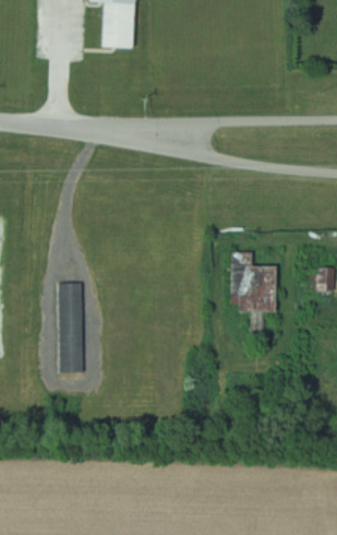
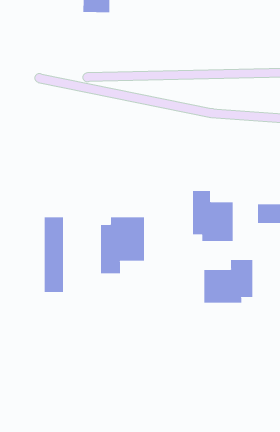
building: none -> [100,217,145,274]
building: none -> [204,259,253,303]

